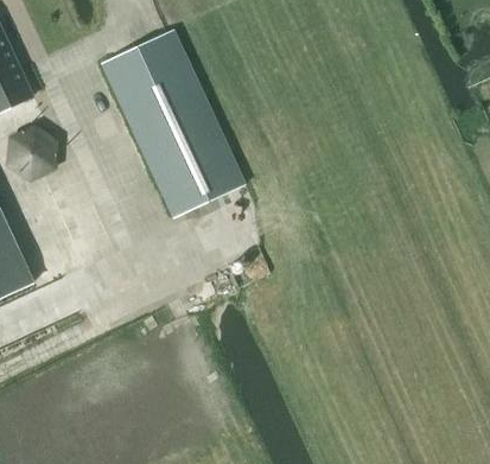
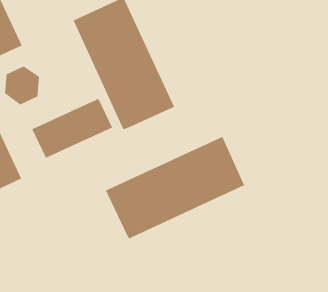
building: none -> [31,98,113,159]
building: none -> [105,136,245,239]

